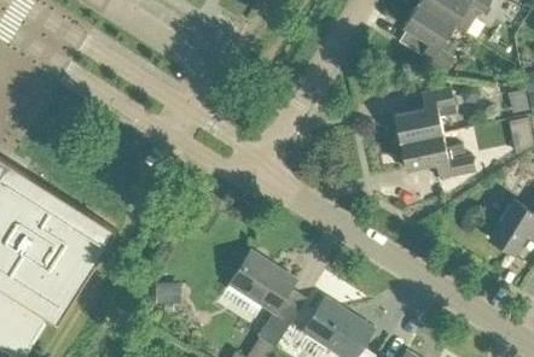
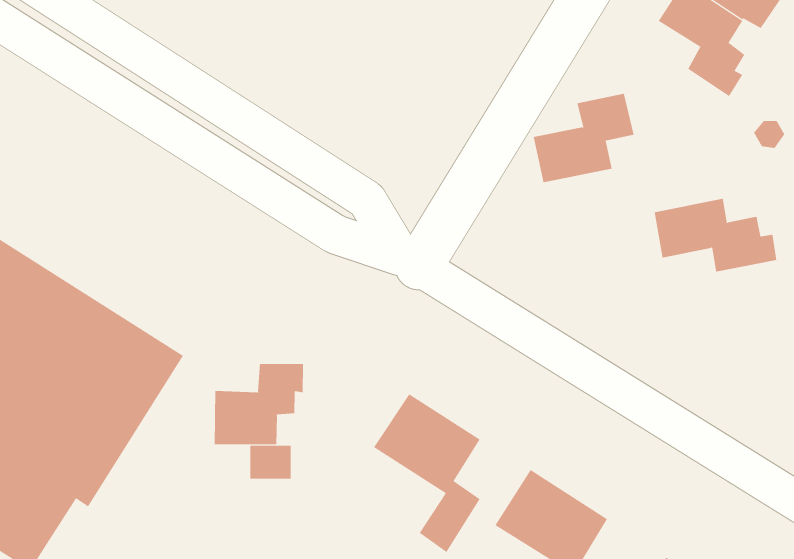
building: [394,88,455,142] -> [533,93,634,183]
building: none -> [214,363,303,445]

